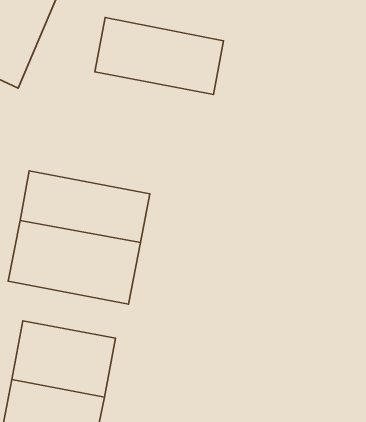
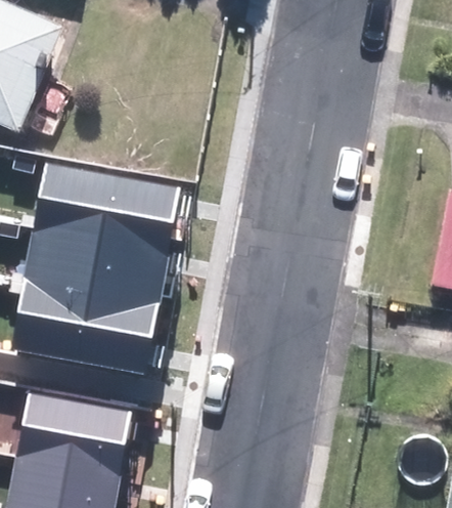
building: [95,17,223,95] -> none
building: none -> [35,163,180,251]

